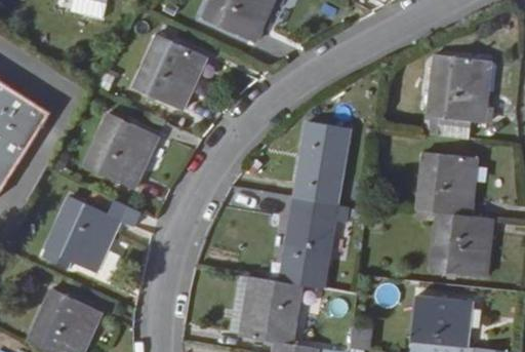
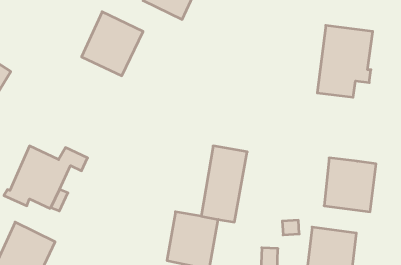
building: [87,115,160,190] -> none
building: [294,122,349,204] -> none
building: [413,150,475,216] -> none

